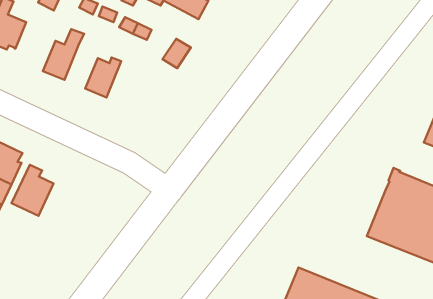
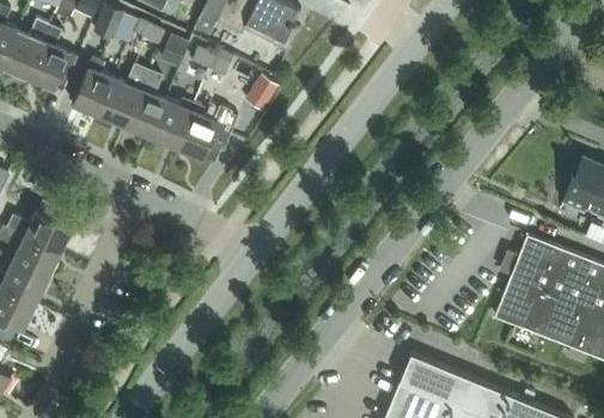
building: none -> [72,59,114,116]
building: none -> [124,70,165,137]
building: none -> [176,104,238,162]
building: [12,165,53,216] -> none

